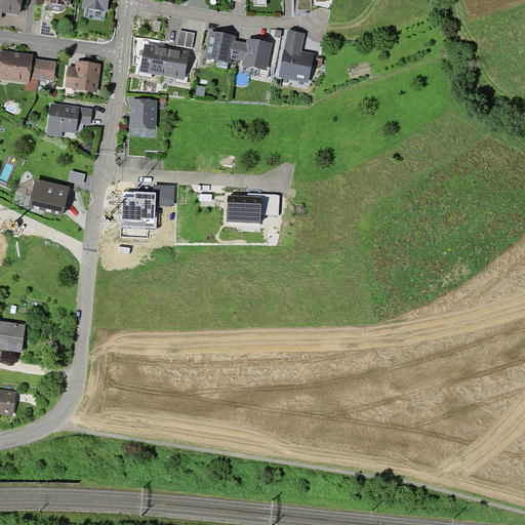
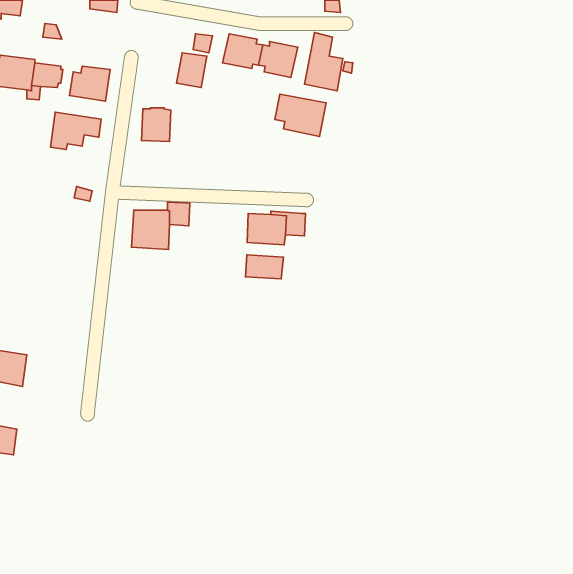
building: [138,44,166,76] -> none
building: none -> [275,94,326,136]
building: [28,178,69,214] -> none
building: none -> [246,255,284,279]

